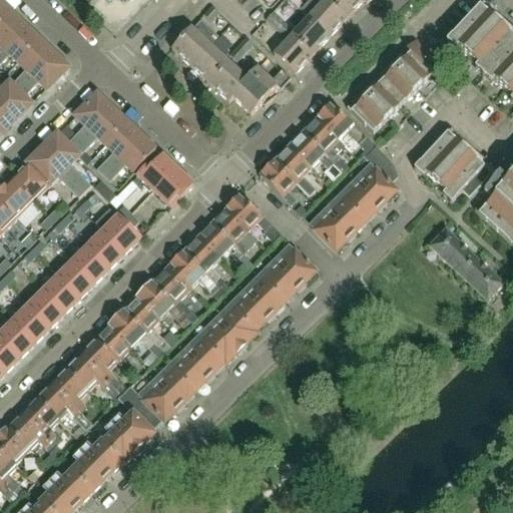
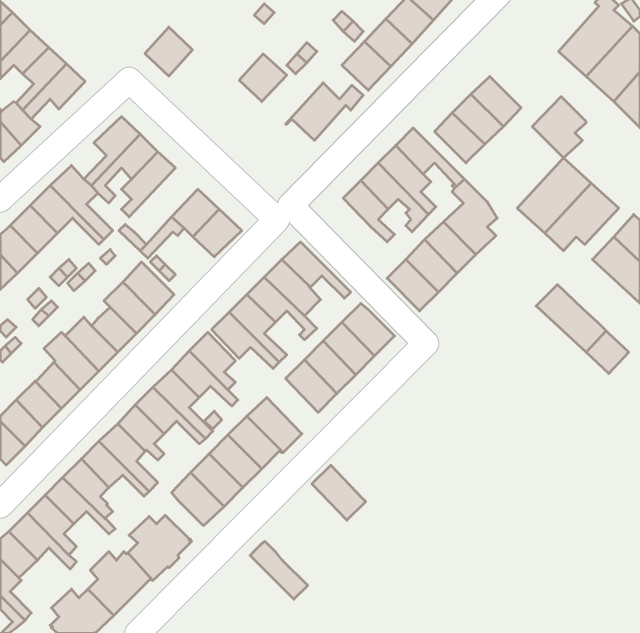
building: [172,25,210,64] -> [145,27,192,76]
building: [392,37,435,86] -> [532,97,586,158]
building: [209,60,259,99] -> none
building: [103,134,155,179] -> none
building: [260,158,297,204] -> none
building: [213,303,256,347] -> [312,465,366,520]
building: [116,385,162,431] -> [250,542,308,599]

